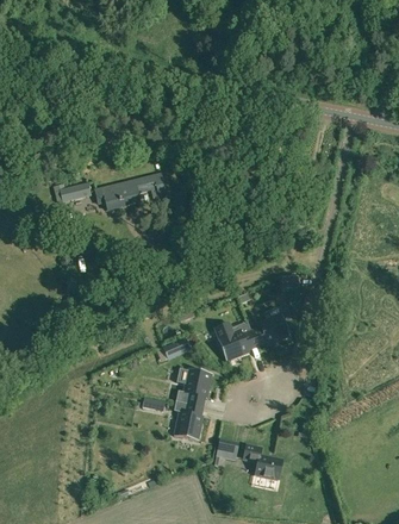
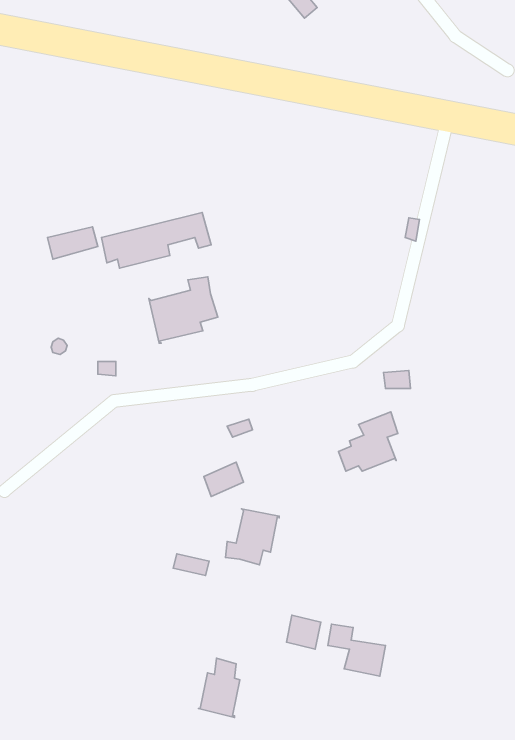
building: none -> [149,277,218,343]
building: [216,328,256,361] -> none
building: [174,401,201,441] -> [198,658,240,718]

